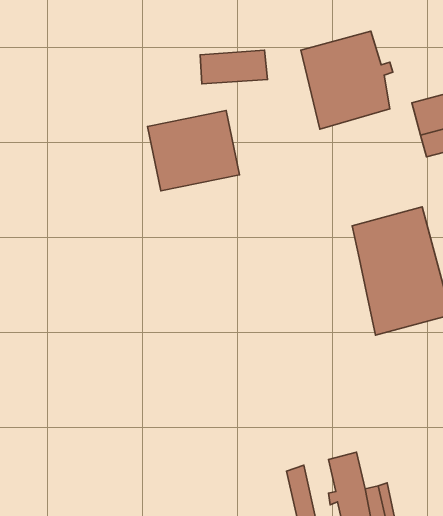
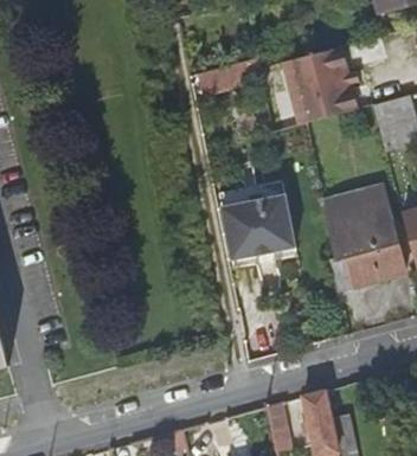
building: [148,110,239,191] -> [220,190,295,255]

